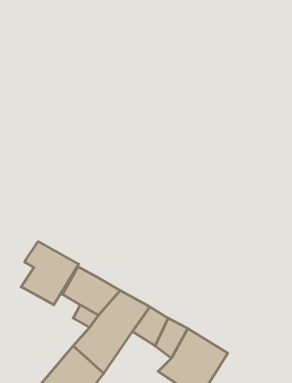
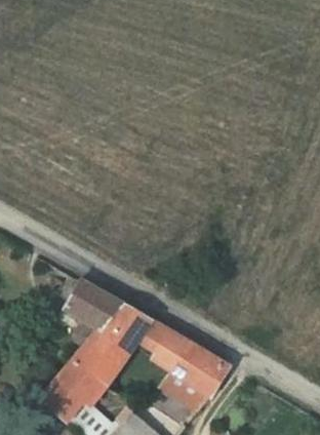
building: [21,242,79,305] -> none

